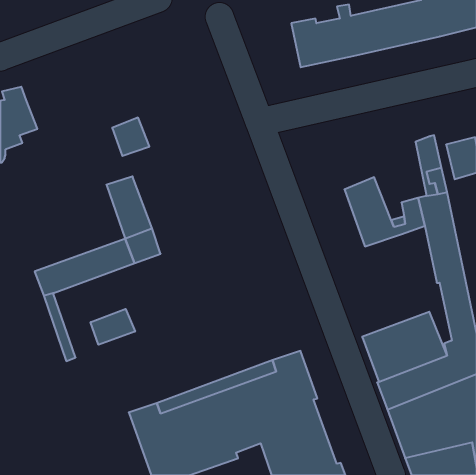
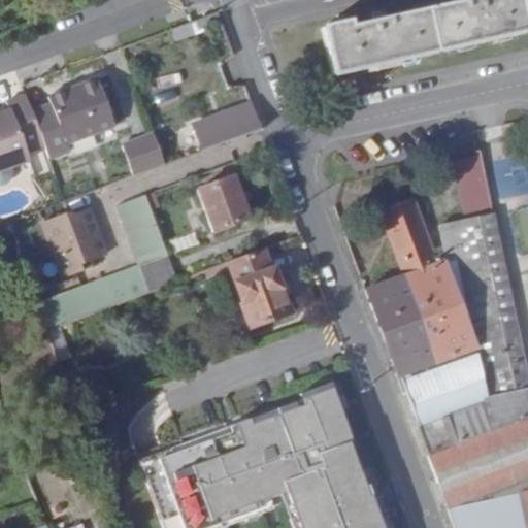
building: none -> [30,78,112,157]
building: none -> [196,102,263,148]
building: none -> [198,174,250,231]
building: none -> [43,208,105,276]
building: none -> [229,250,290,324]
building: none -> [366,259,476,373]
building: [91,309,135,345] -> none

